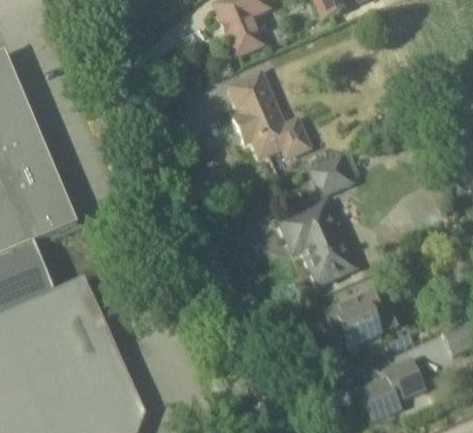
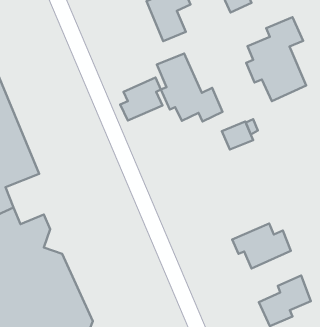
building: none -> [246,17,306,101]
building: none -> [120,78,162,120]
building: [280,200,354,281] -> none

